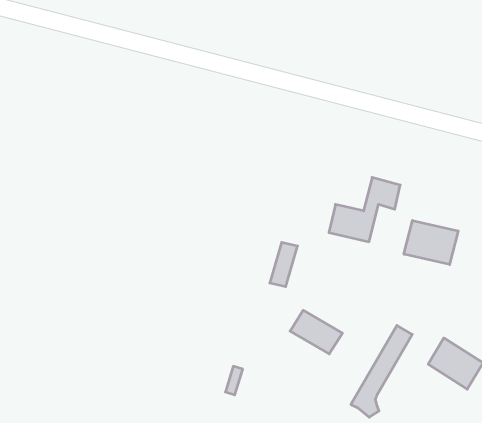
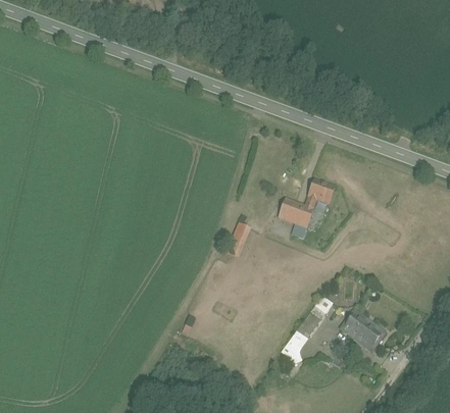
building: [404,220,458,265] -> none
building: [290,310,342,354] -> none

